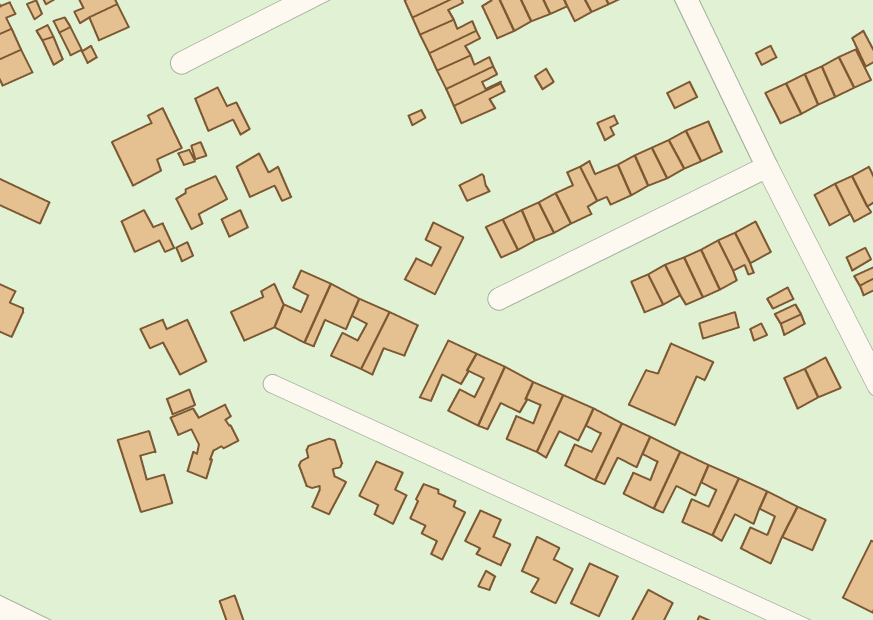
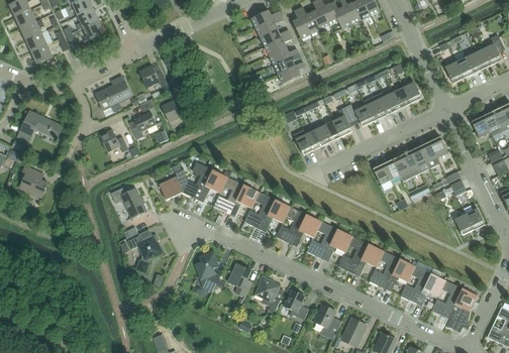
building: [405,223,463,294] -> [243,191,275,229]
building: [629,343,713,425] -> none
building: [118,431,172,512] -> none
building: none -> [445,304,470,332]

